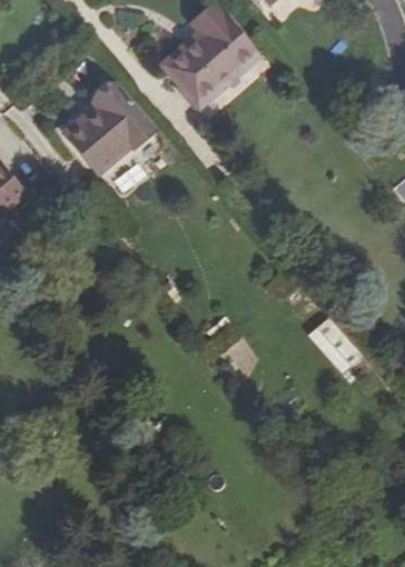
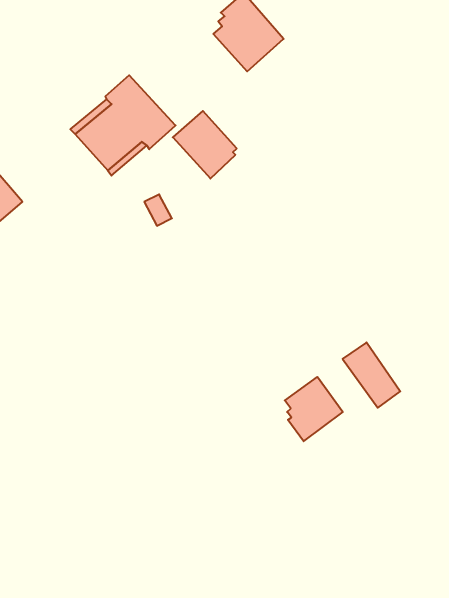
building: [166,46,223,106] -> [173,111,237,179]
building: none -> [285,377,343,441]

